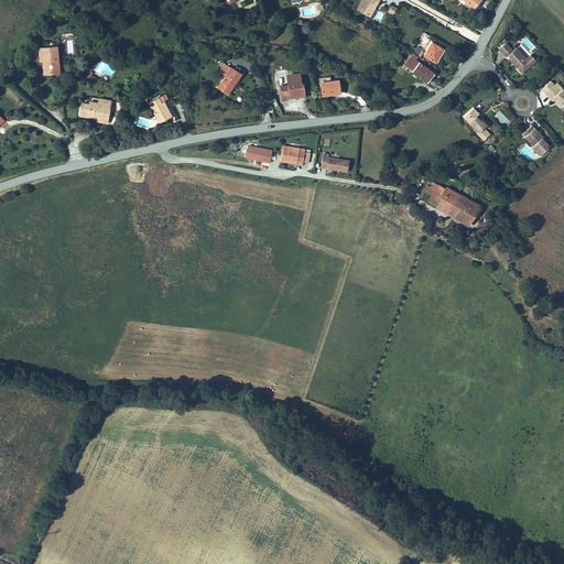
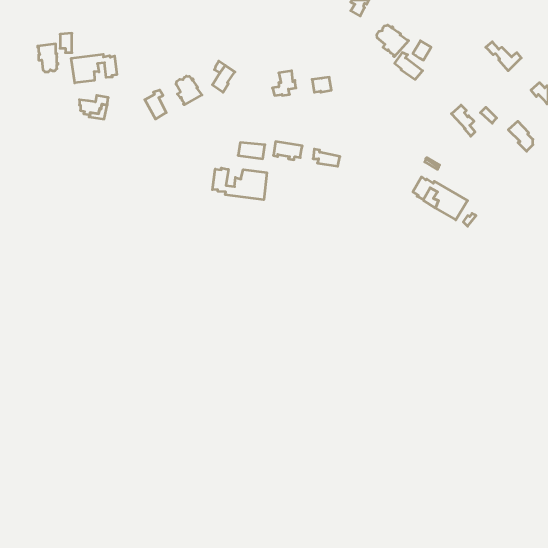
building: none -> [377,25,409,57]
building: none -> [71,54,117,83]
building: none -> [176,76,202,105]
building: none -> [212,168,267,200]

